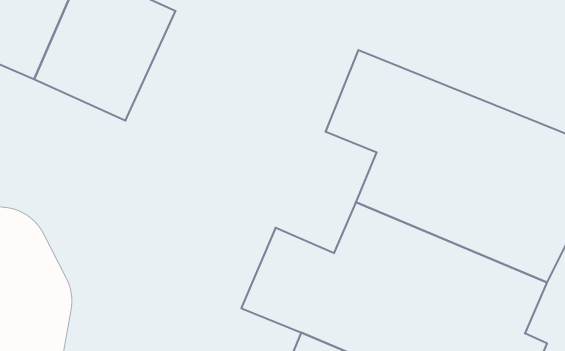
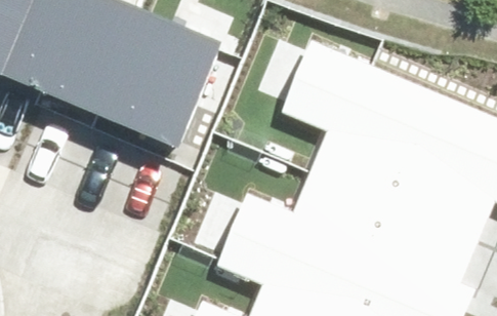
building: none -> [118,11,233,136]

